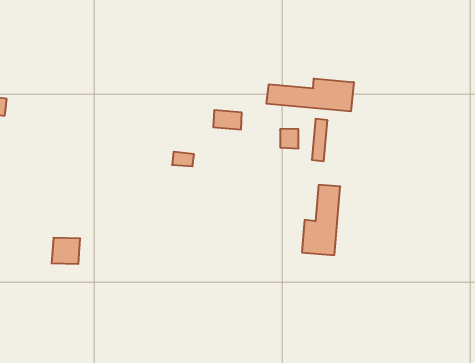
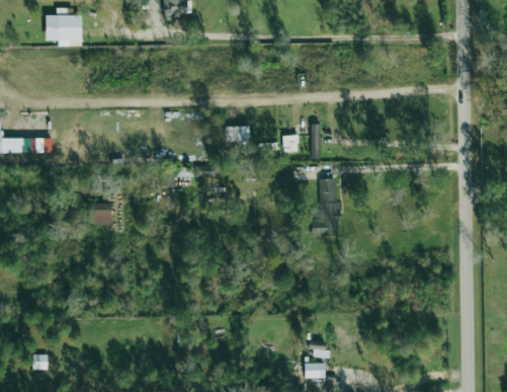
building: [267,78,354,111] -> none
building: [52,238,80,264] -> [88,203,111,226]

